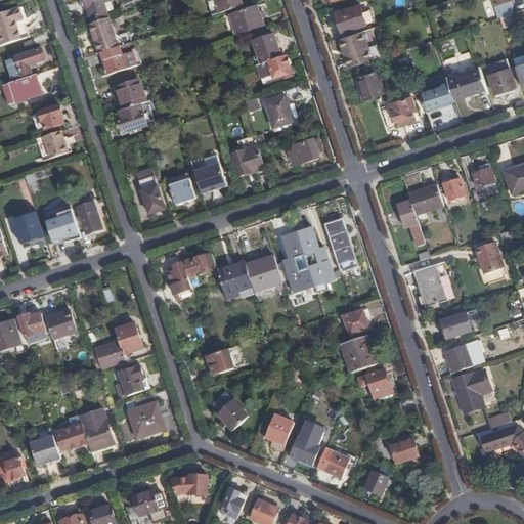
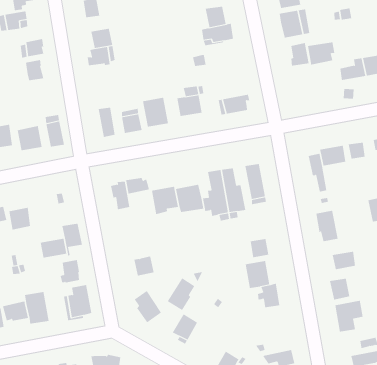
building: [264,94,292,128] -> none
building: [383,95,418,127] -> [307,42,335,65]
building: [290,426,321,466] -> [167,278,195,311]

